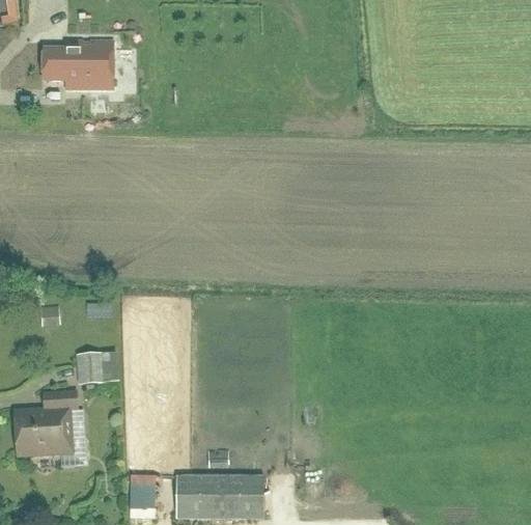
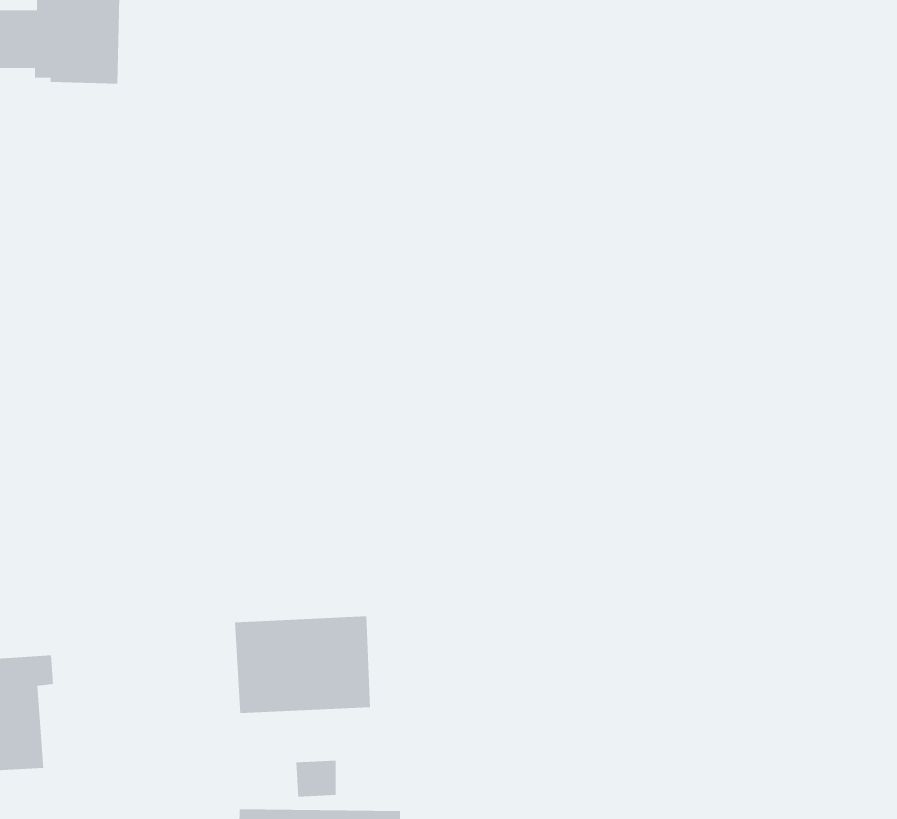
building: [76,351,118,384] -> none
building: none -> [235,616,370,714]

